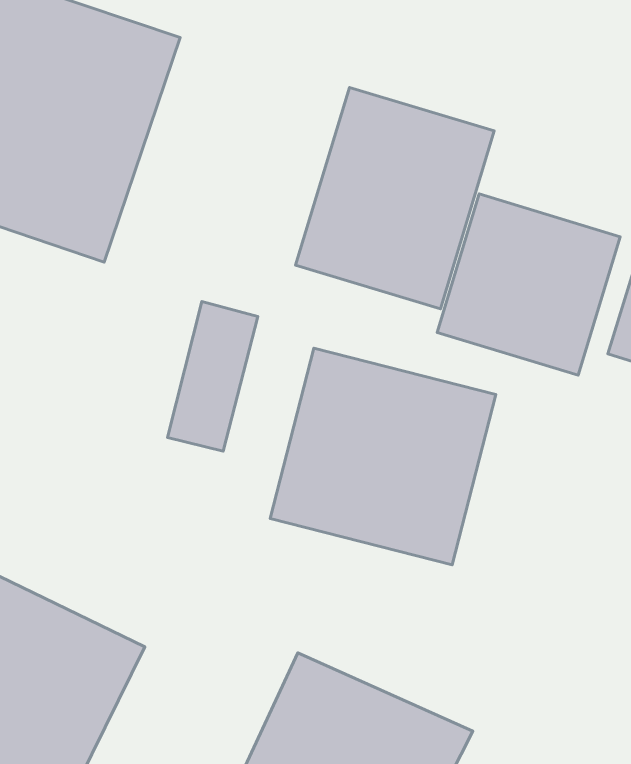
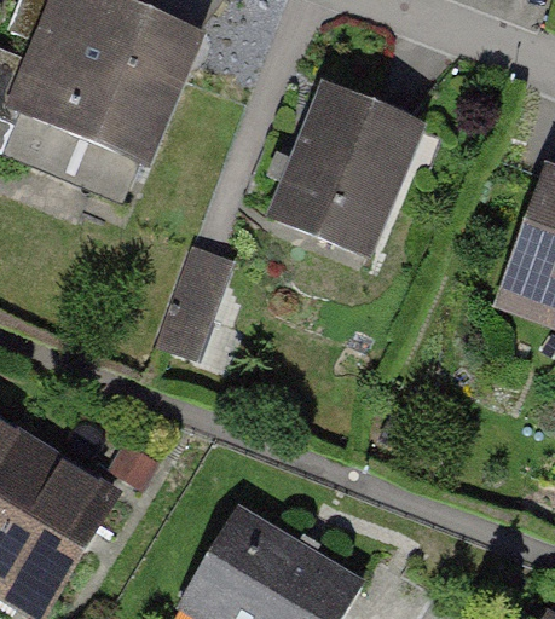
building: [437,194,620,375] -> none
building: [270,348,496,565] -> none

